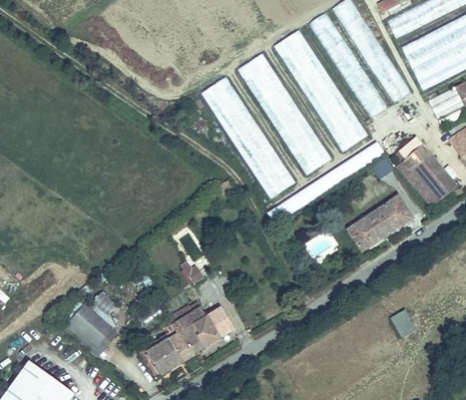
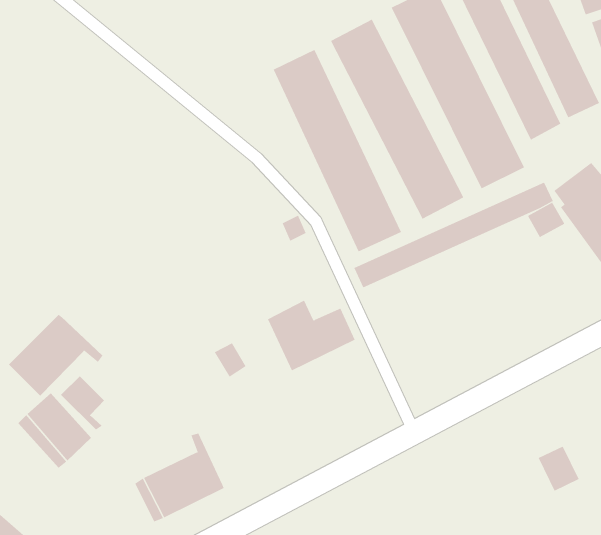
building: [349,195,413,252] -> none
building: none -> [8,314,103,397]
building: [178,306,235,351] -> [267,300,356,371]

